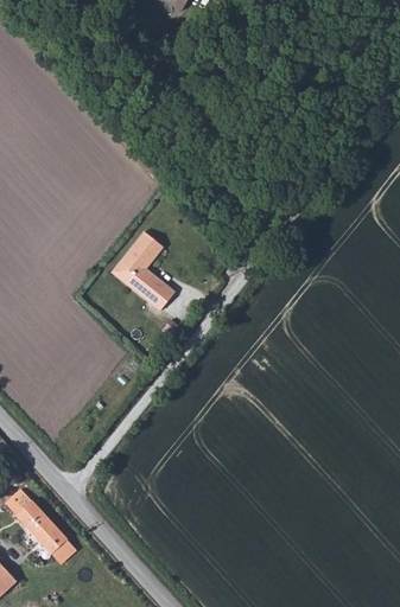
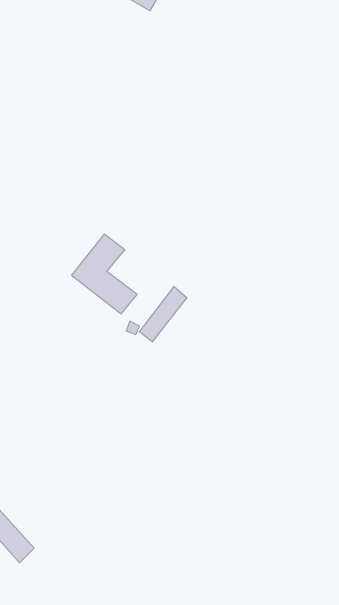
building: none -> [139,287,187,342]

